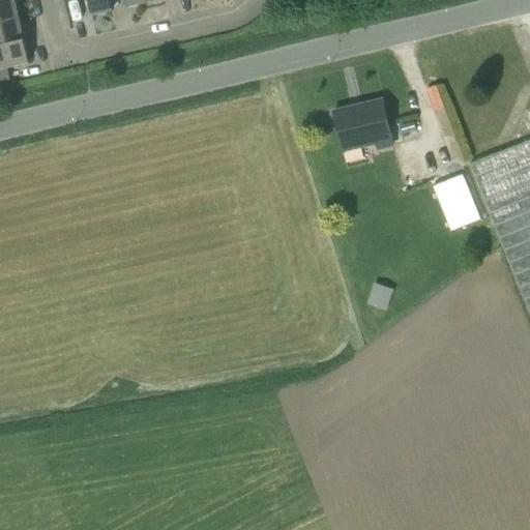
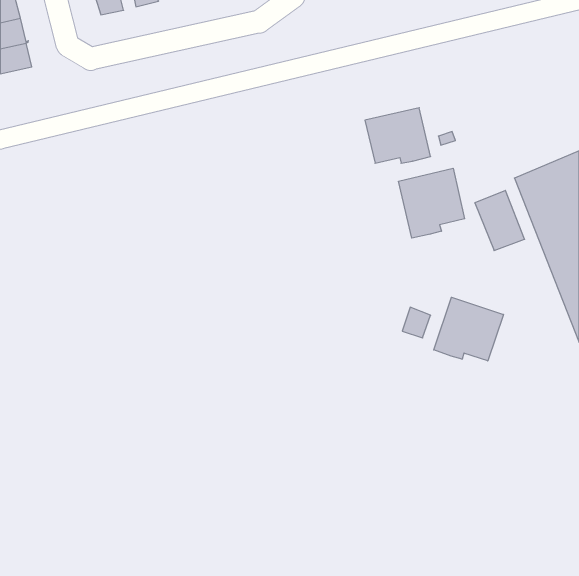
building: none -> [399,168,465,238]
building: none -> [434,297,503,361]

